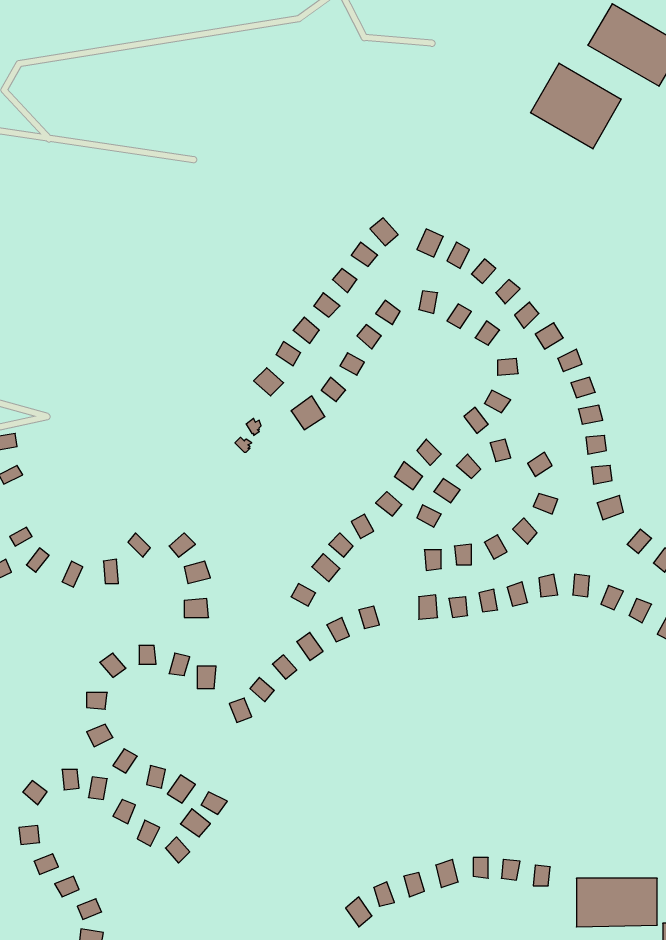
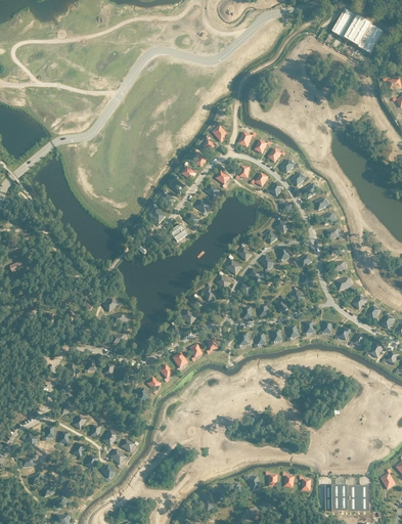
building: [531,63,621,149] -> none

